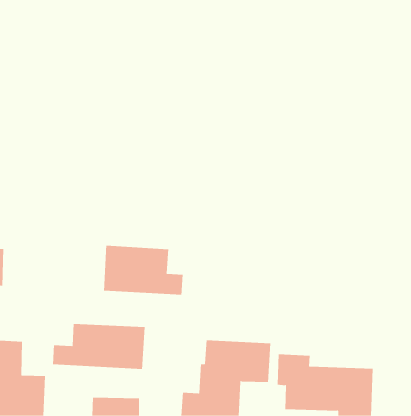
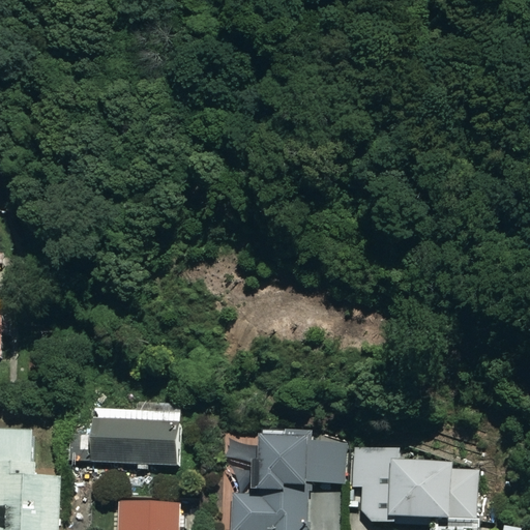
building: [104,245,183,296] -> none

